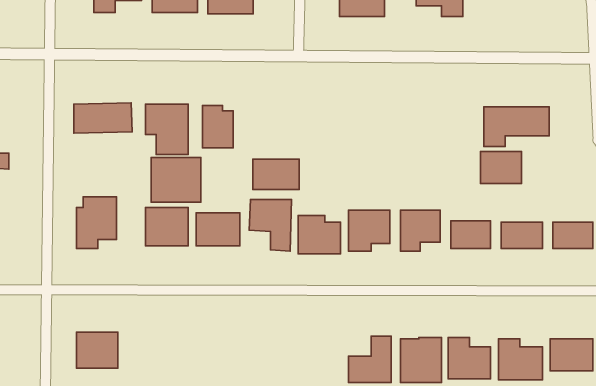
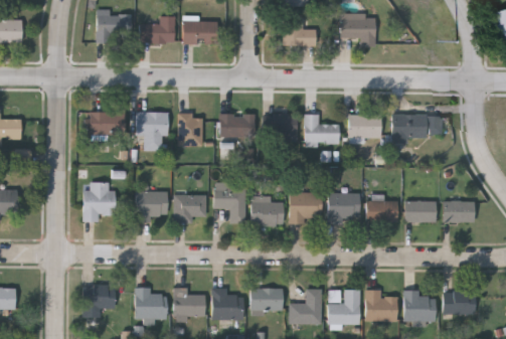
building: none -> [268,115,297,141]
building: none -> [304,115,339,145]
building: [480,152,522,183] -> [349,115,380,139]
building: [151,158,201,202] -> none
building: [253,159,299,190] -> [219,115,255,138]
building: none -> [134,288,166,319]
building: none -> [173,289,204,317]
building: none -> [211,289,242,320]
building: none -> [250,289,282,311]

